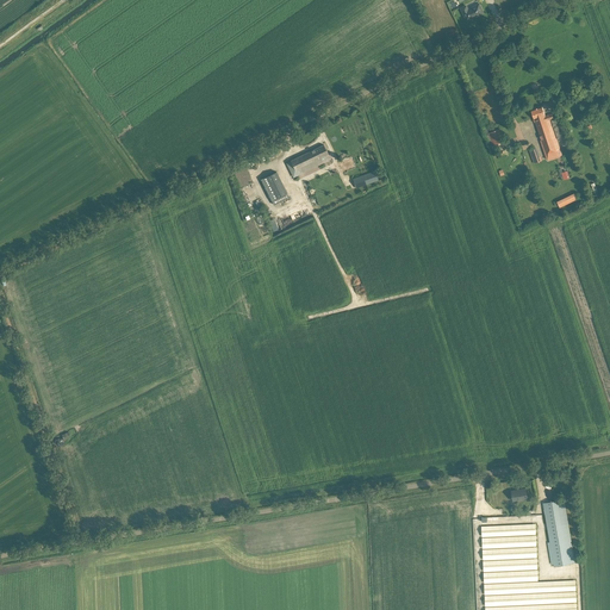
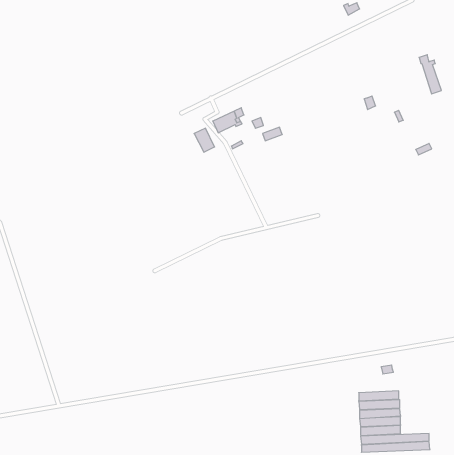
building: [530,106,560,158] -> [419,55,441,94]
building: [542,499,573,565] -> none

